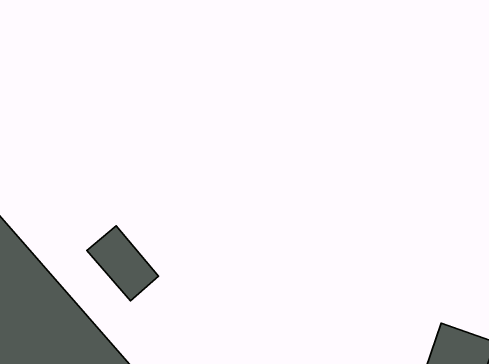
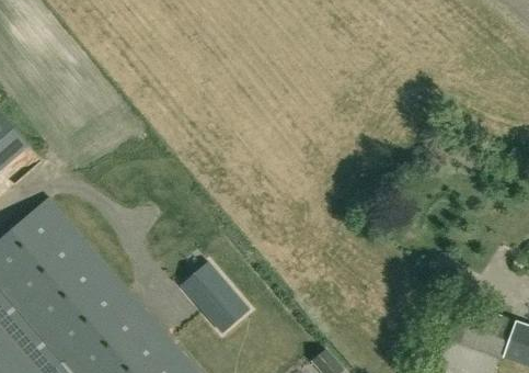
building: [87,226,159,301] -> [181,262,248,332]

